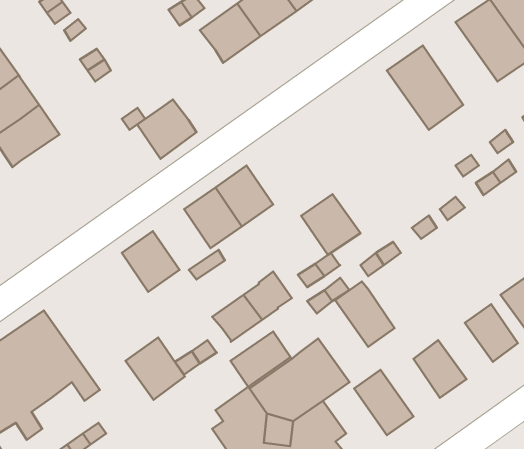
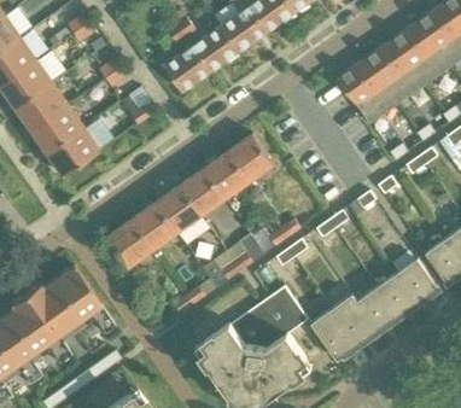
building: none -> [364,41,422,105]
building: [137,100,196,159] -> [164,47,210,93]
building: none -> [47,128,100,176]
building: [301,194,360,255] -> [228,135,274,182]
building: none -> [156,186,200,233]
building: [335,282,395,347] -> [332,296,378,346]
building: none -> [377,274,419,317]
building: [231,331,290,387] -> none
building: [125,338,185,400] -> [106,220,152,268]

